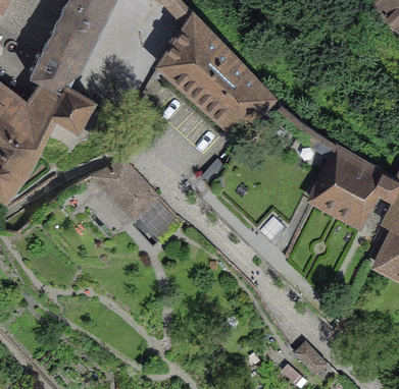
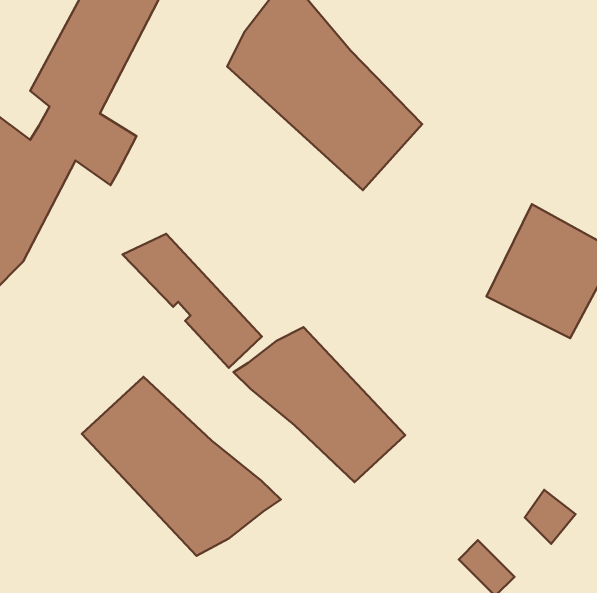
building: none -> [233,327,405,482]
building: none -> [82,377,281,556]

